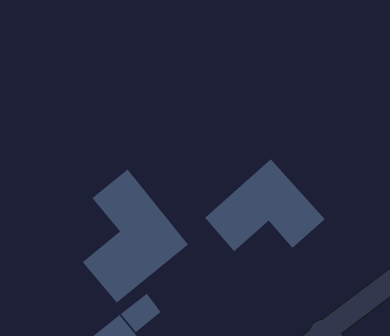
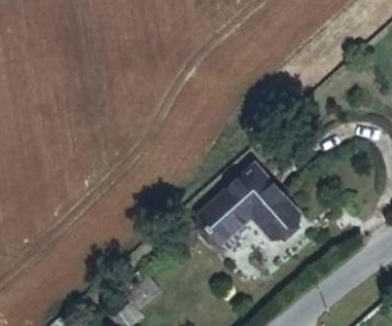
building: [82,169,189,303] -> none

